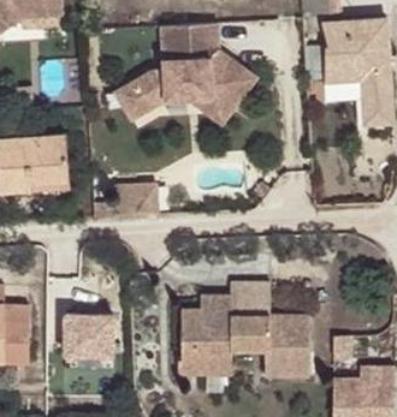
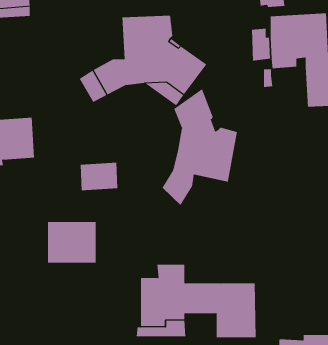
building: none -> [162,88,237,206]
building: [232,285,271,316] -> none
building: [66,308,120,353] -> [47,222,97,263]

